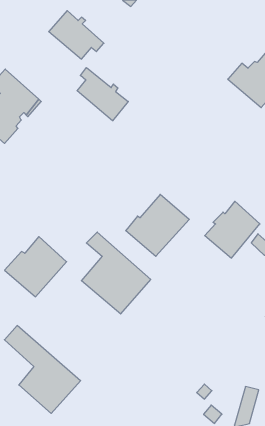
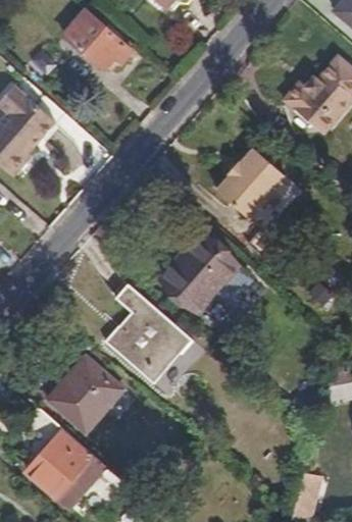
building: [77,68,128,121] -> none
building: [205,201,260,258] -> [217,150,285,219]
building: [5,237,67,297] -> [49,359,124,432]

